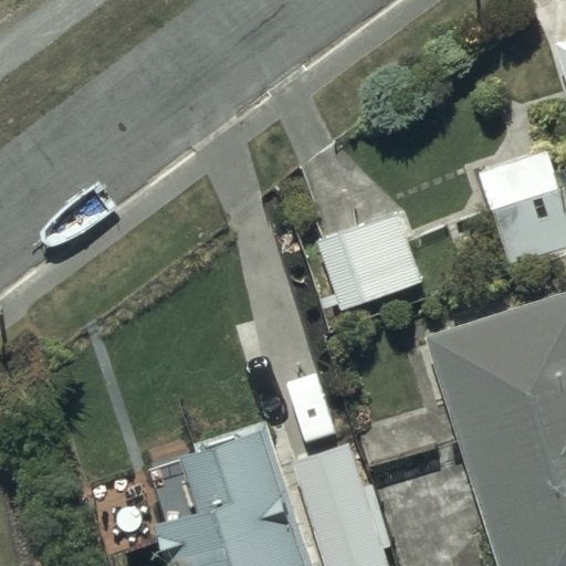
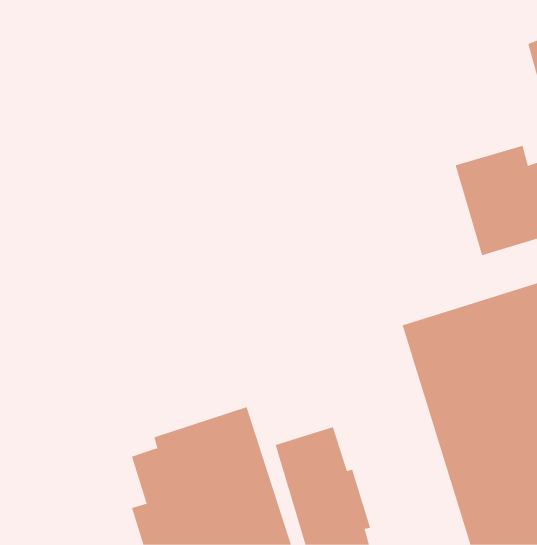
building: [318,212,431,312] -> none

